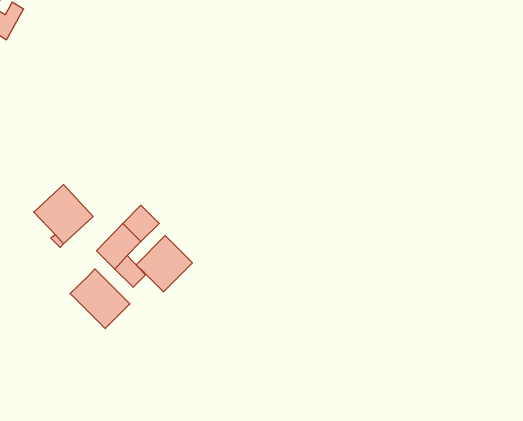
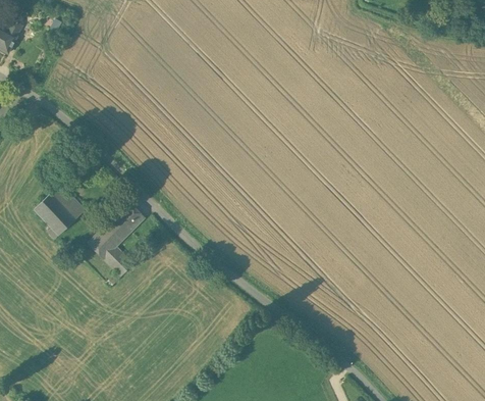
building: [136,236,192,292] -> none
building: [70,269,130,329] -> none

